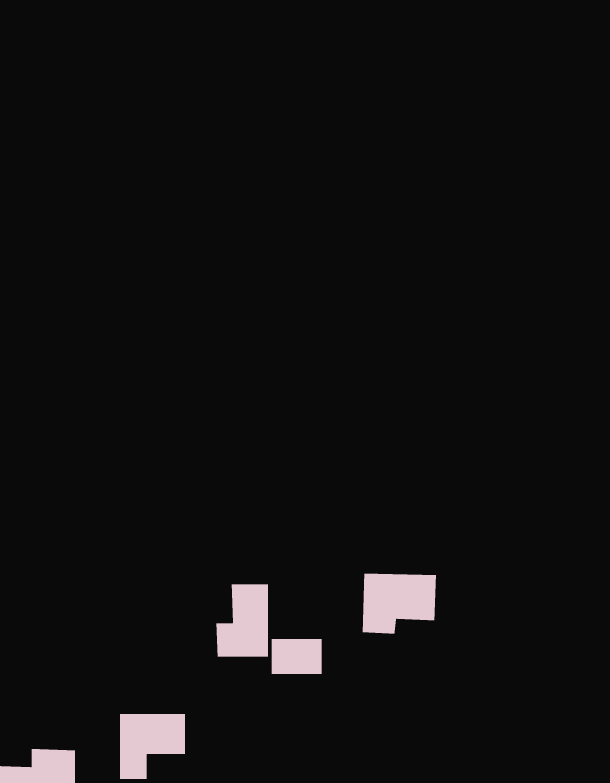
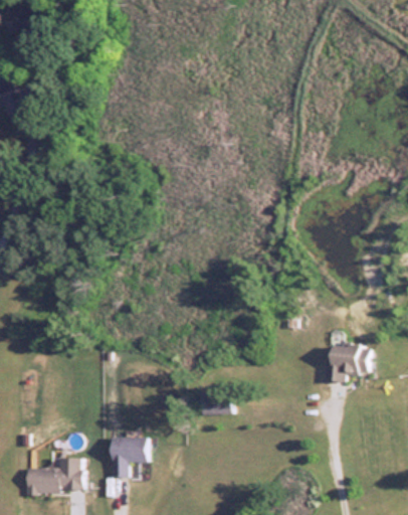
building: [362,573,437,634] -> [325,345,370,382]
building: [215,583,269,657] -> none

